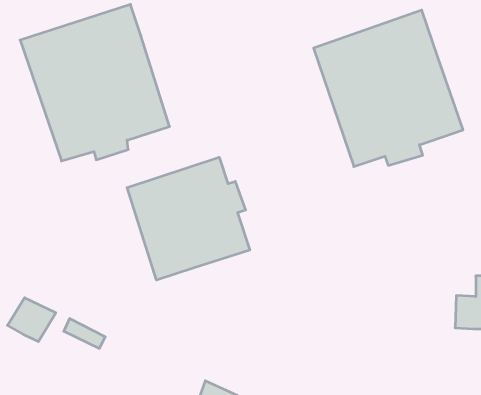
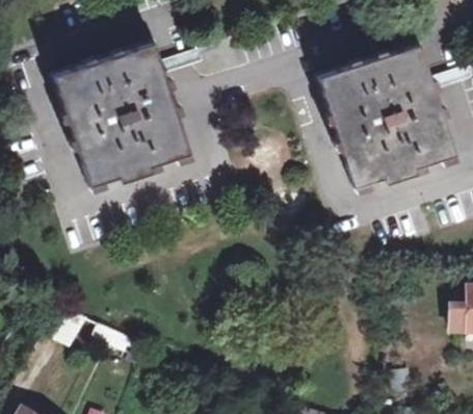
building: [127,157,250,280] -> none

